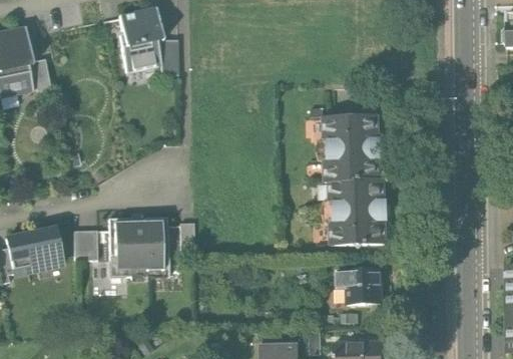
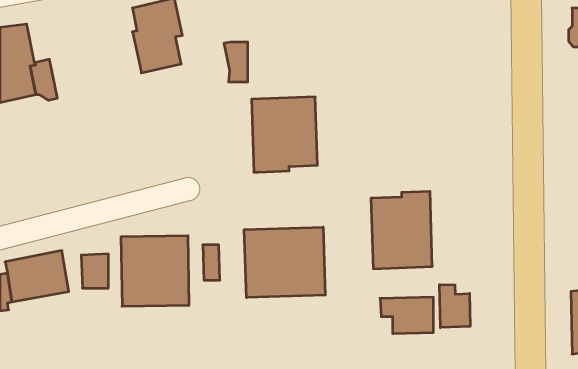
building: [156,39,177,74] -> [224,42,248,82]
building: [323,116,381,183] -> [252,97,317,172]
building: none -> [244,227,325,298]
building: none -> [440,285,470,328]

